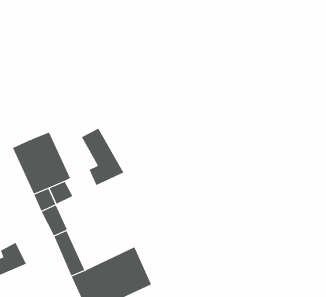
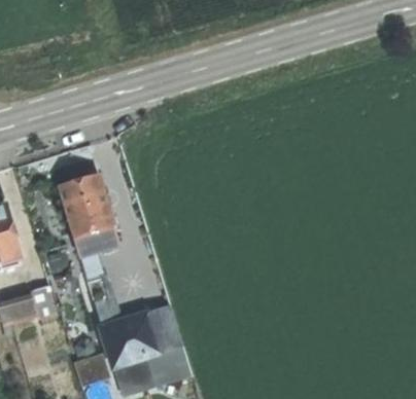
building: [81,128,124,186] -> none

